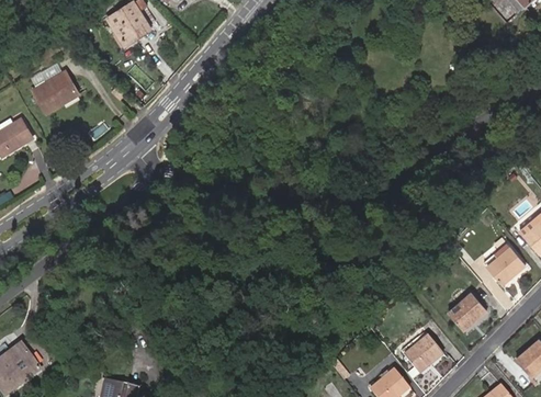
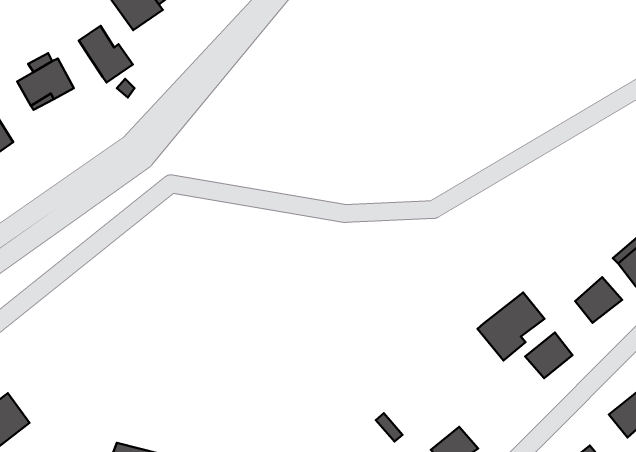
building: none -> [79,26,133,82]
building: none -> [478,293,544,361]
building: [403,334,441,372] -> none

